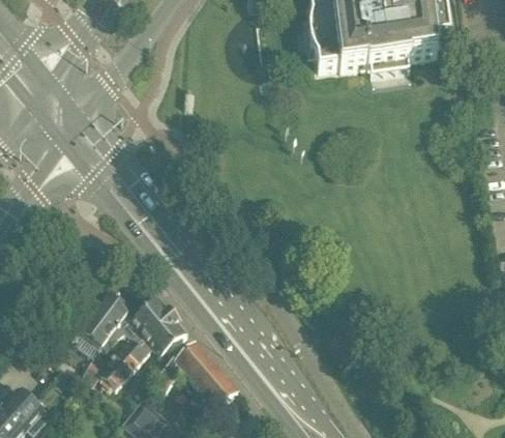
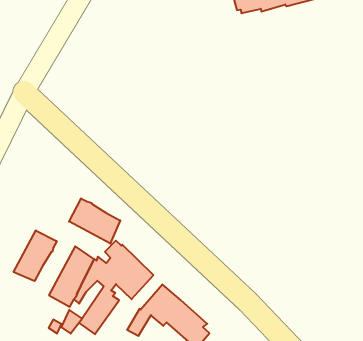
building: none -> [69,198,120,244]
building: none -> [14,230,57,281]

